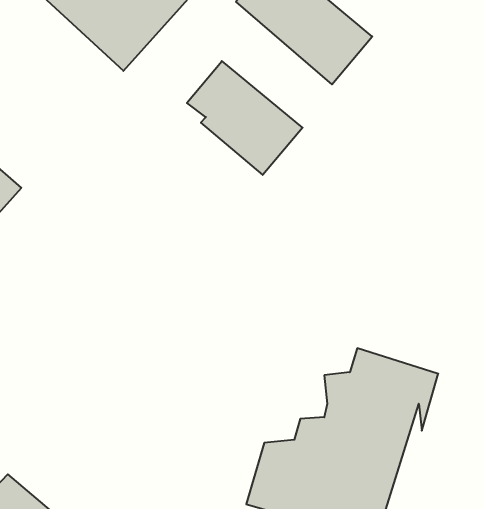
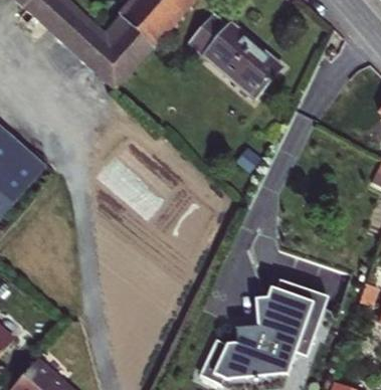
building: [187,61,303,175] -> none

